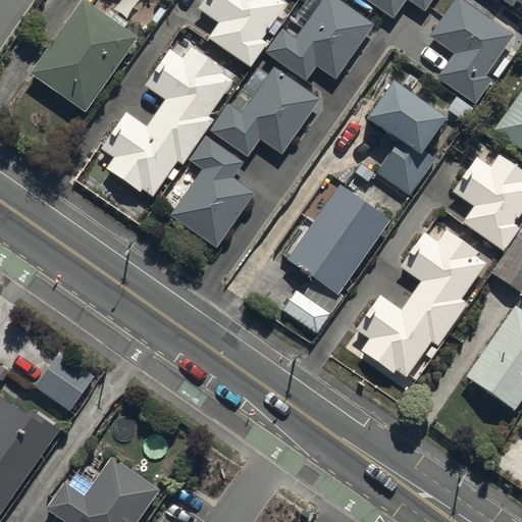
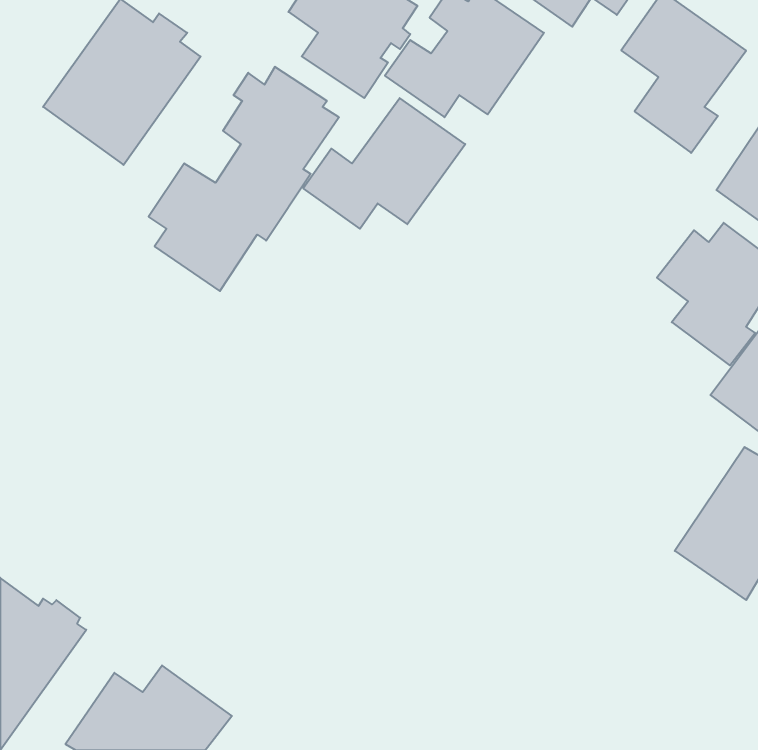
building: [367,86,446,194] -> none
building: [170,135,255,246] -> none
building: [289,187,392,295] -> none
building: [348,230,484,377] -> none
building: [35,347,97,411] -> none

